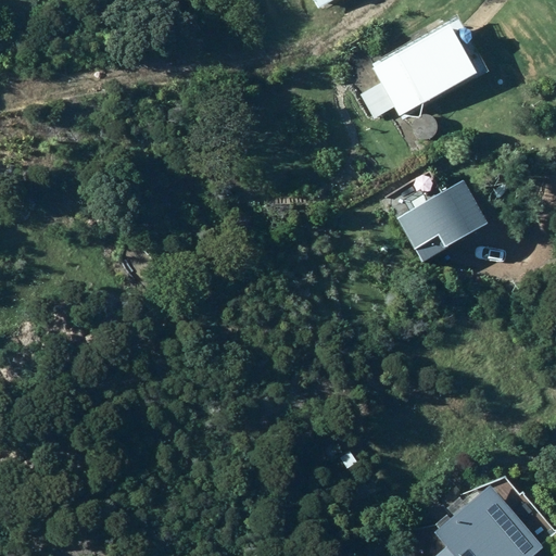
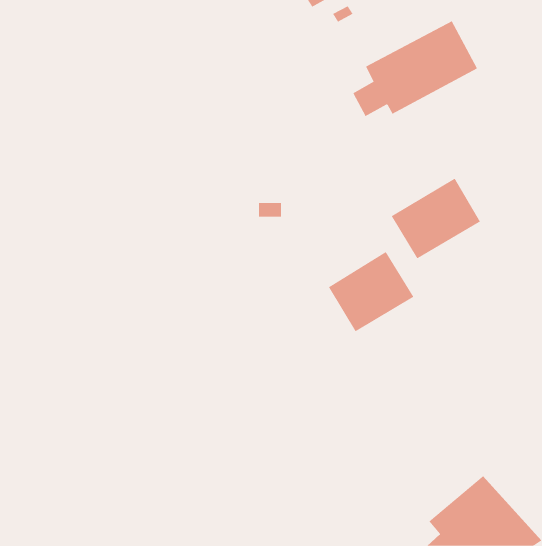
building: none -> [328,251,414,332]

